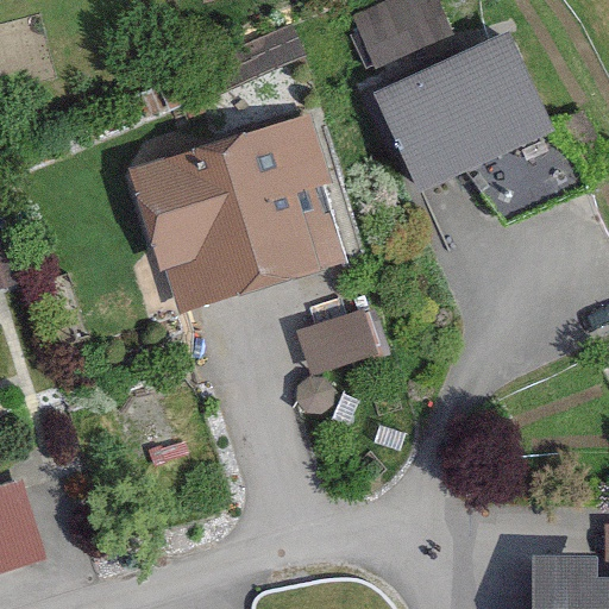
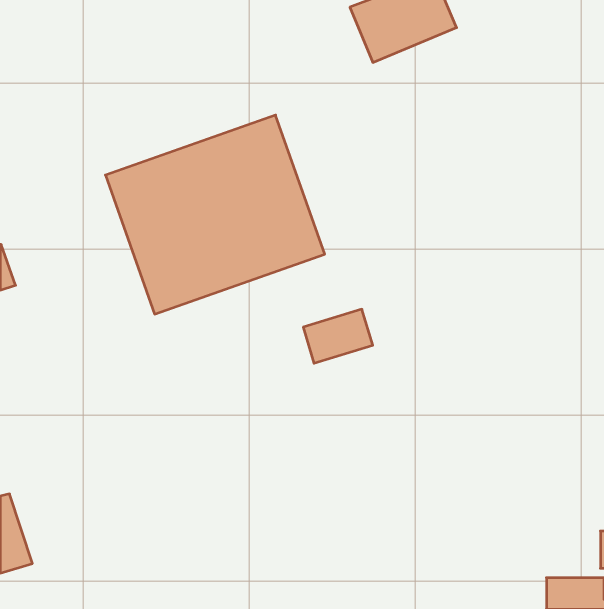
building: [391,39,565,194] -> none

